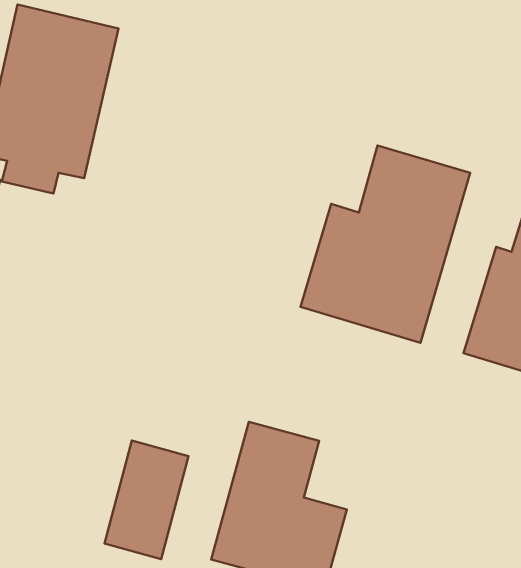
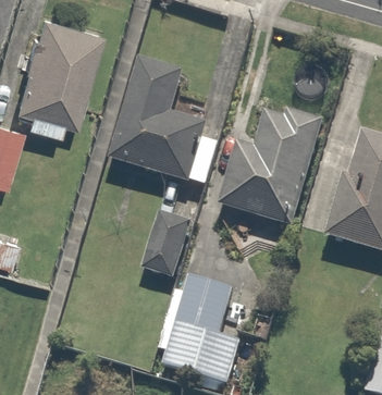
building: none -> [109,55,223,187]
building: [105,441,189,559] -> [139,202,193,277]

